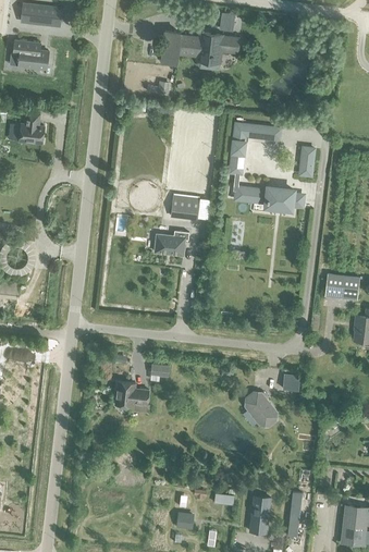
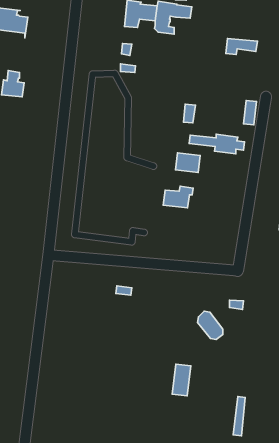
building: [233,123,270,142] -> [226,38,258,54]
building: [171,195,199,218] -> [176,153,200,173]
building: [155,230,189,255] -> [163,186,193,208]
building: [115,381,149,408] -> none
building: [249,495,271,532] -> [172,364,191,396]

